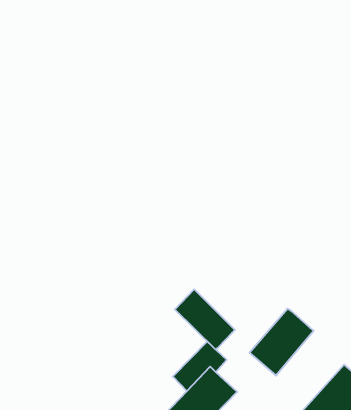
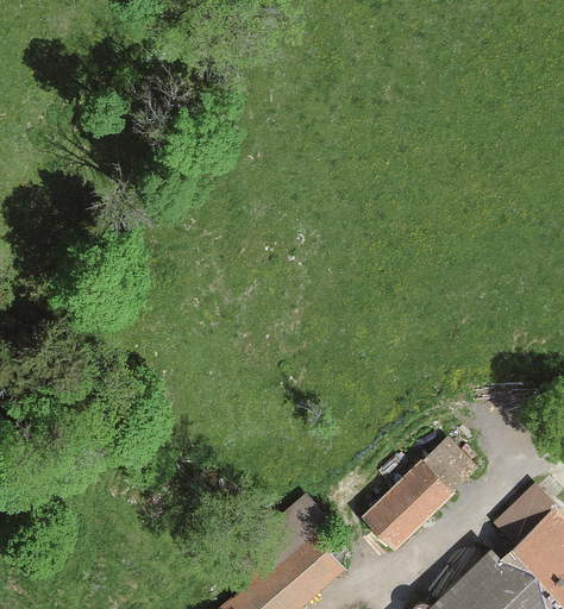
building: [175,289,235,349] -> none
building: none -> [425,442,474,490]

